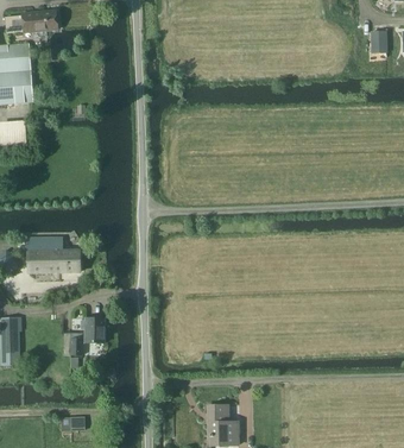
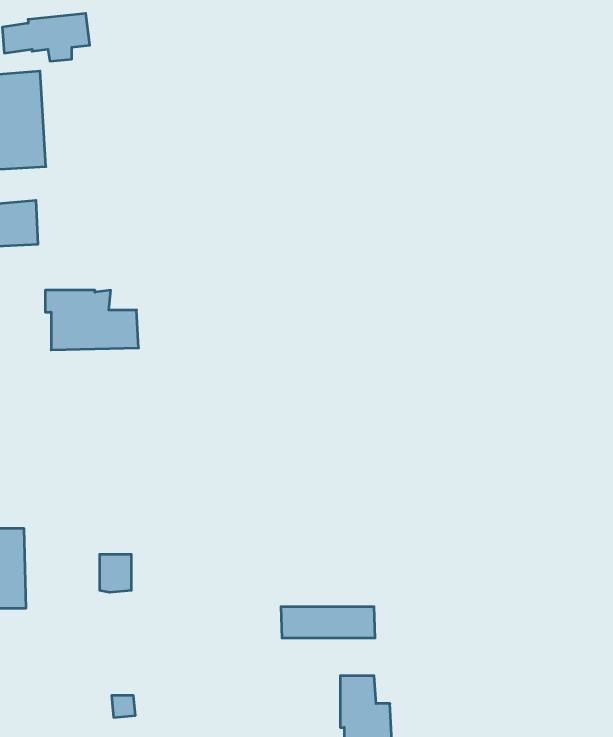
building: [25,238,81,273] -> [45,290,139,350]
building: [81,317,105,342] -> none
building: none -> [281,607,375,638]

